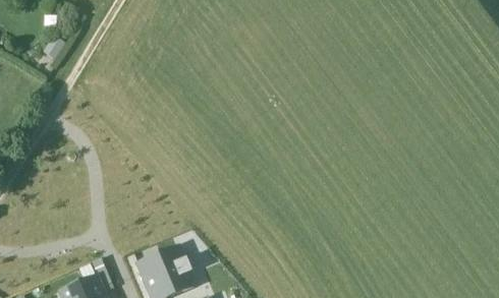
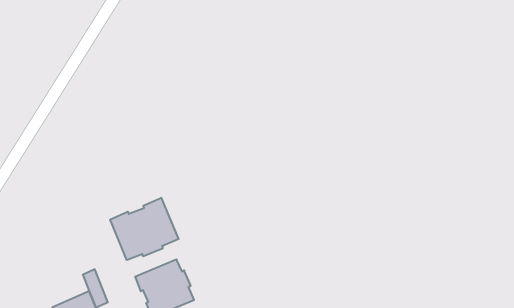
building: none -> [110,198,179,260]

